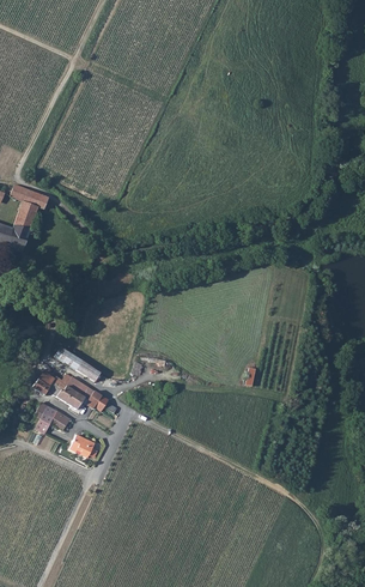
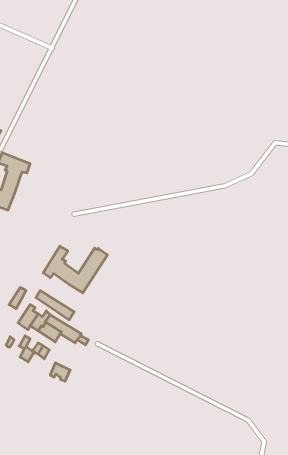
building: none -> [43,246,107,293]

